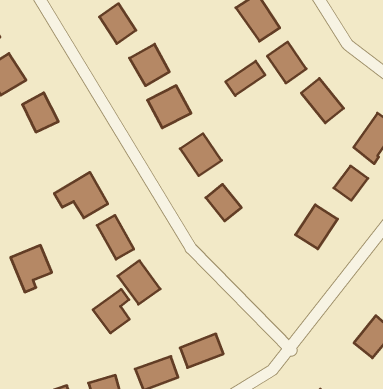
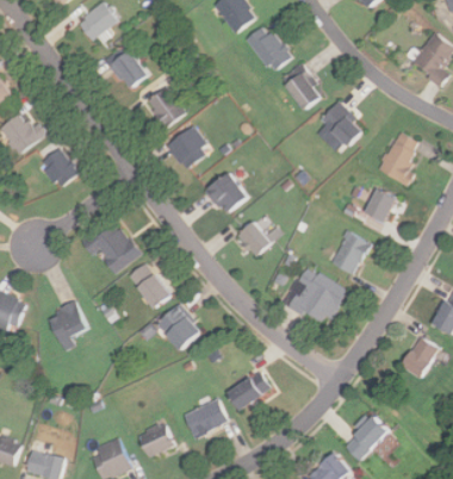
building: [226,61,265,96] -> none
building: none -> [283,265,346,328]
building: [93,289,129,333] -> none

